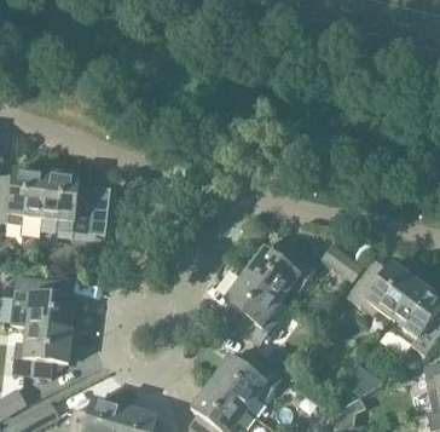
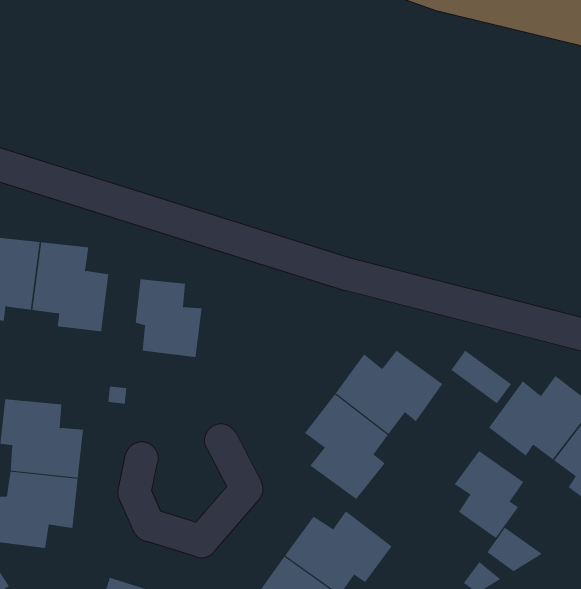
building: none -> [135,279,202,358]
building: none -> [454,450,524,539]

